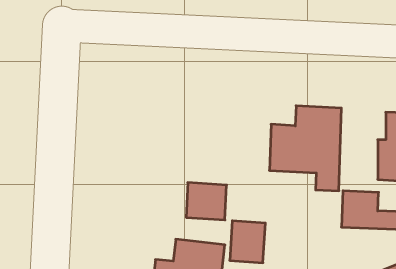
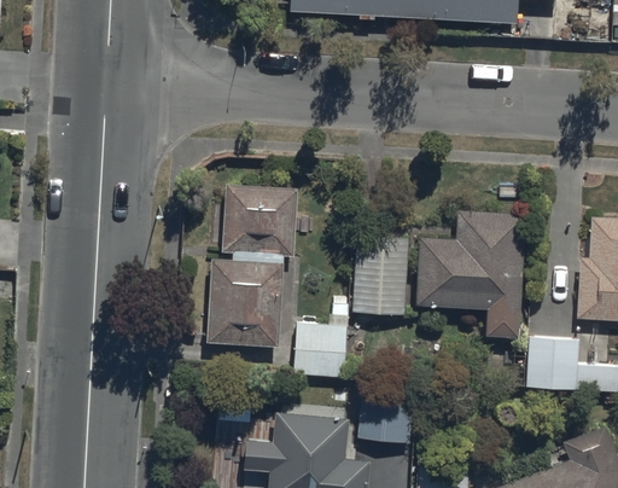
building: none -> [209,187,299,353]
building: none -> [352,234,408,312]

